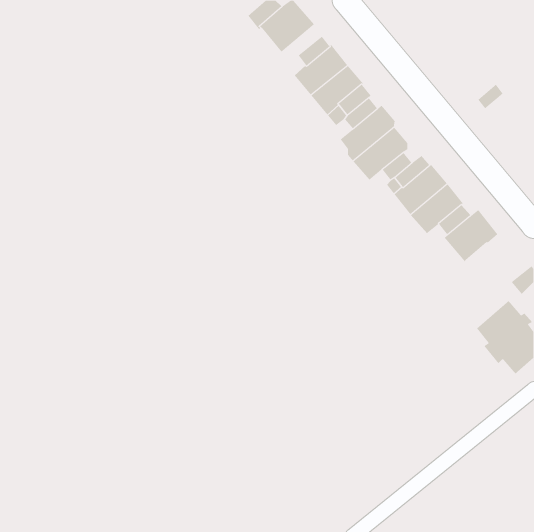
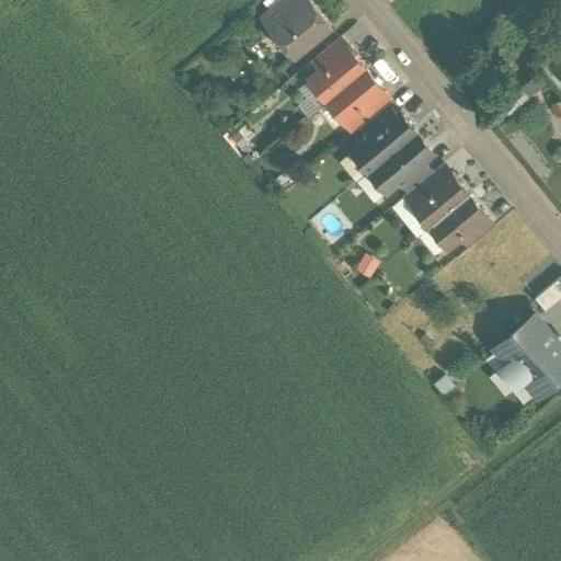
building: [444,209,498,262] -> none

